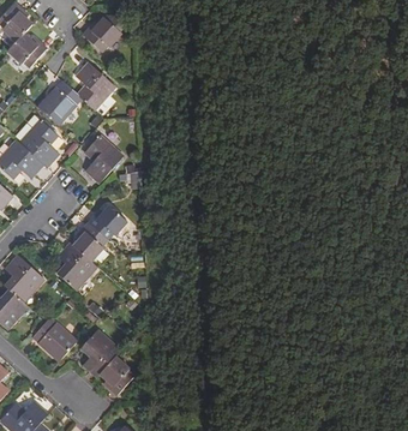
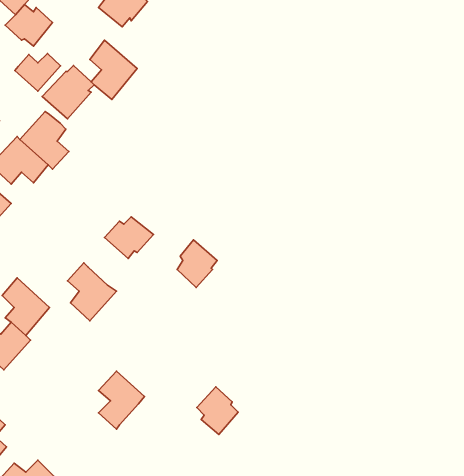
building: none -> [15,53,60,91]
building: [84,134,122,181] -> none
building: [74,221,107,259] -> [177,240,217,287]
building: [32,317,78,359] -> none
building: [100,355,133,394] -> [197,387,238,434]

